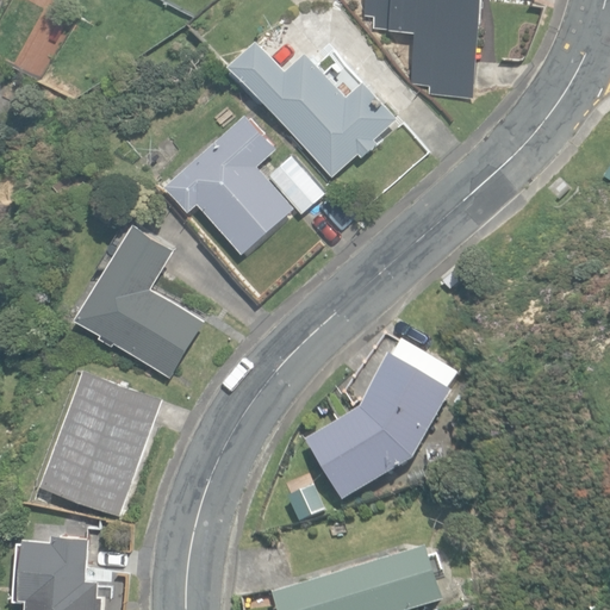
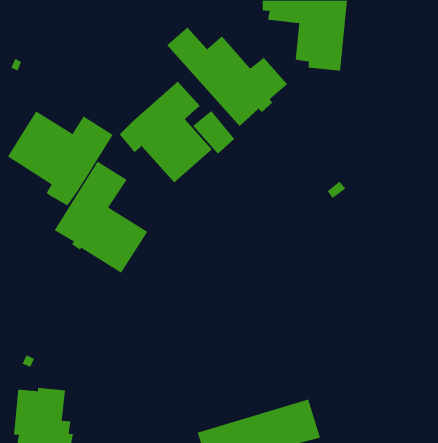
building: none -> [7,111,114,206]
building: [304,344,455,503] -> none
building: [37,368,160,513] -> none

